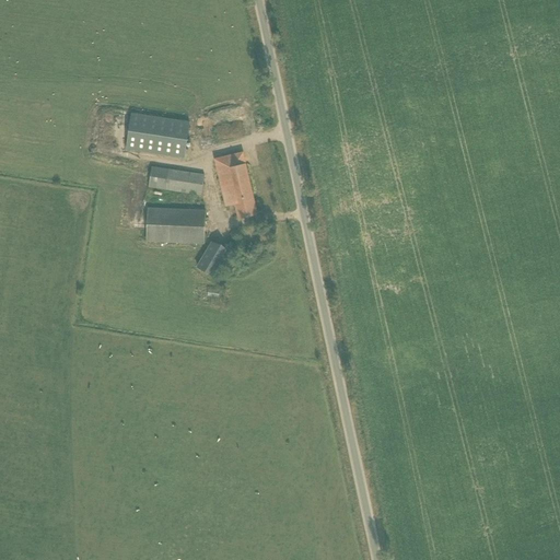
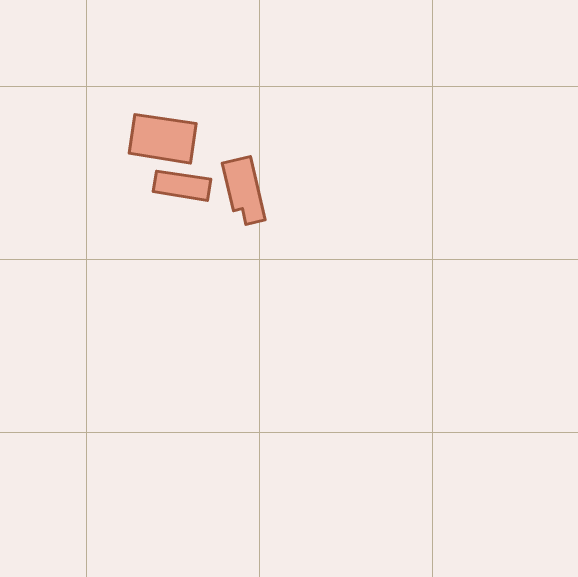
building: [144,206,205,244] -> none
building: [197,240,228,273] -> none

